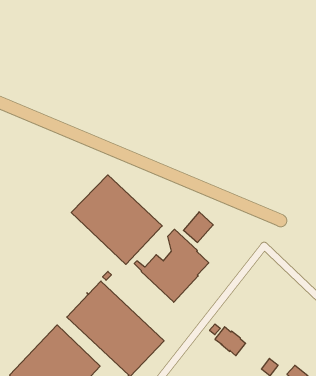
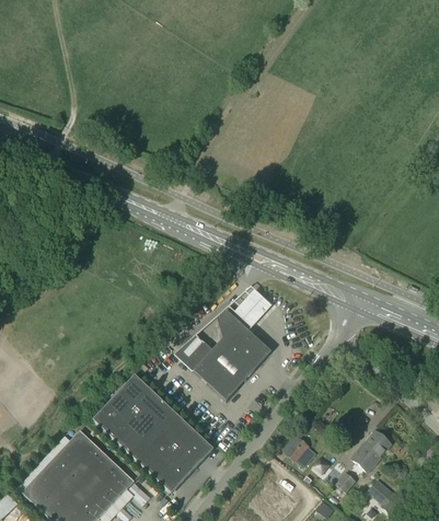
building: [71,175,162,264] -> none
building: none -> [350,428,390,470]

